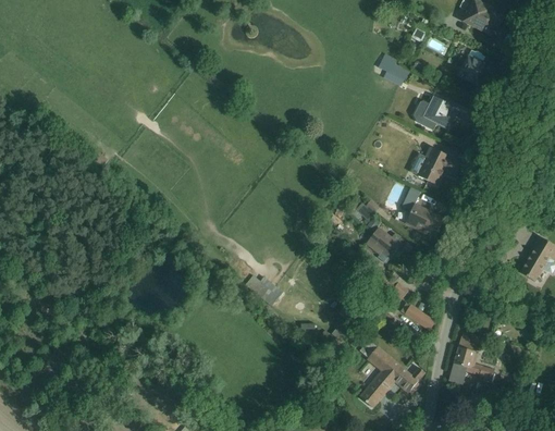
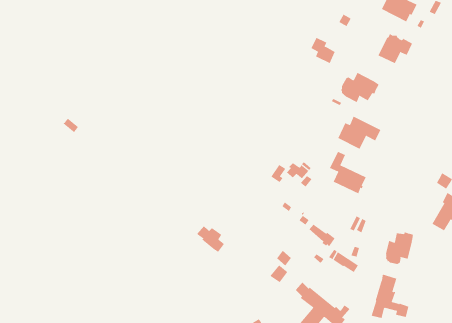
building: [366,226,407,263] -> none
building: none -> [385,231,413,265]

